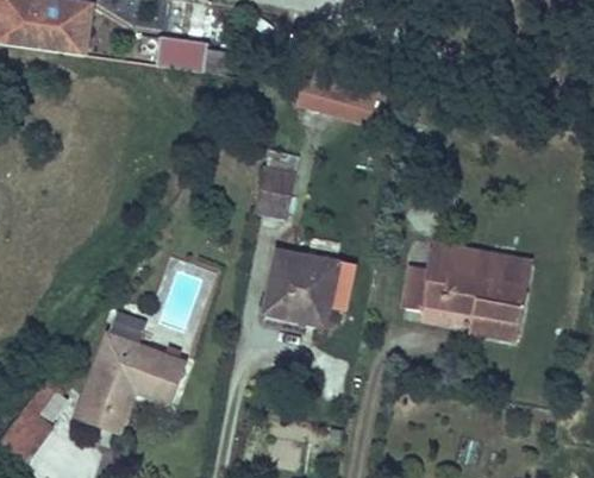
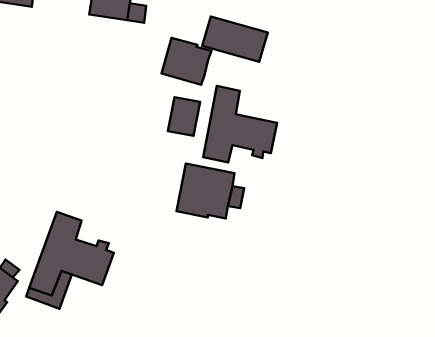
building: none -> [161,38,211,85]
building: none -> [203,86,277,162]
building: [402,243,529,339] -> none

